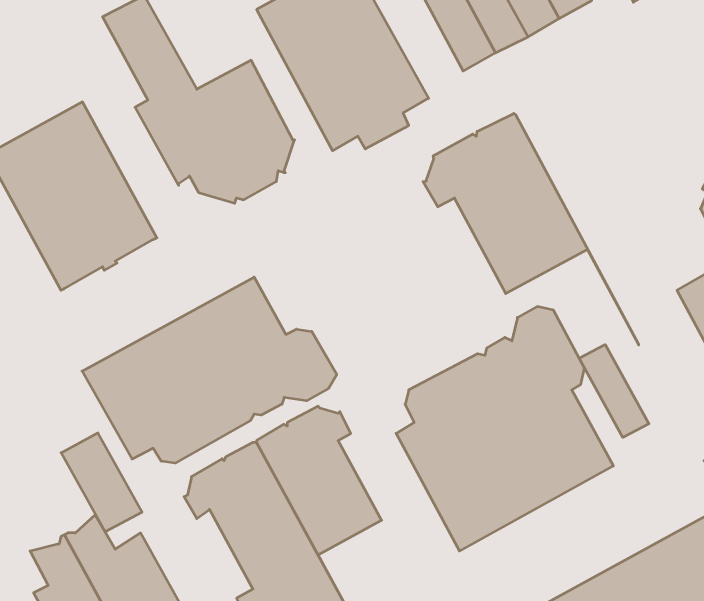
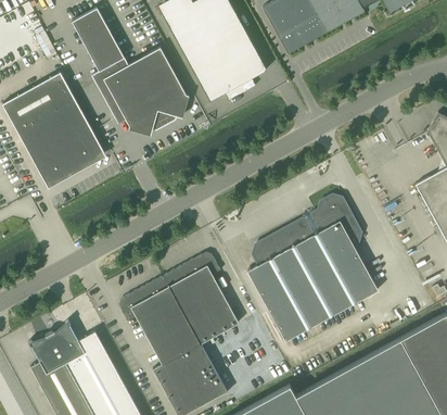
building: [423,113,639,345] -> none
building: [82,277,337,463] -> none
building: [579,345,649,437] -> none
building: [61,433,142,532] -> none

